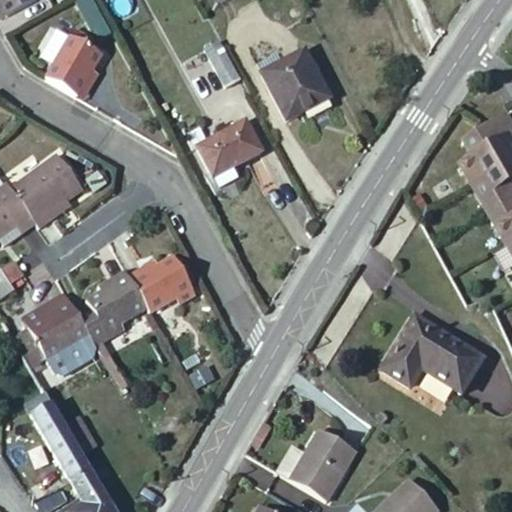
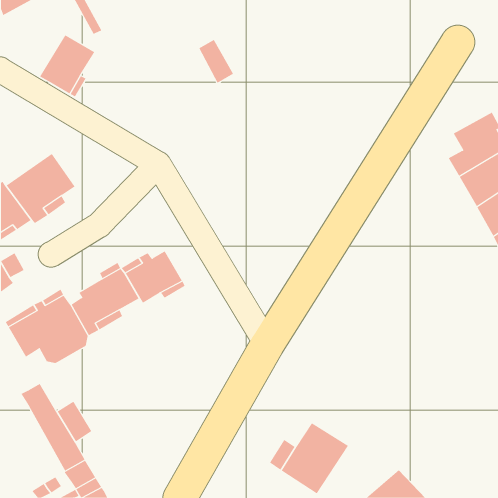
building: [262,49,327,119] -> none
building: [197,120,260,188] -> none
building: [381,316,479,390] -> none

